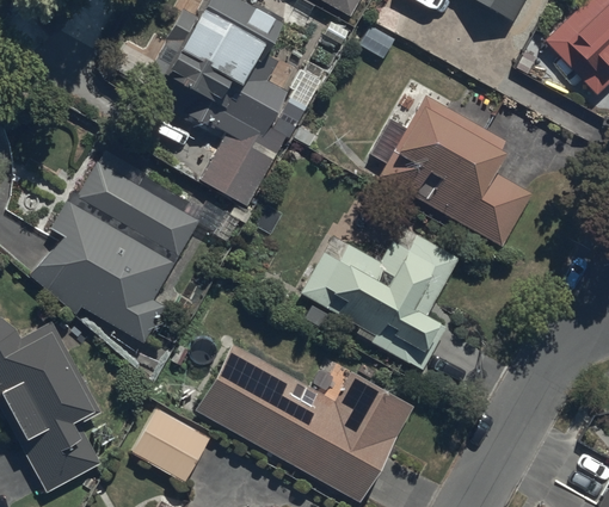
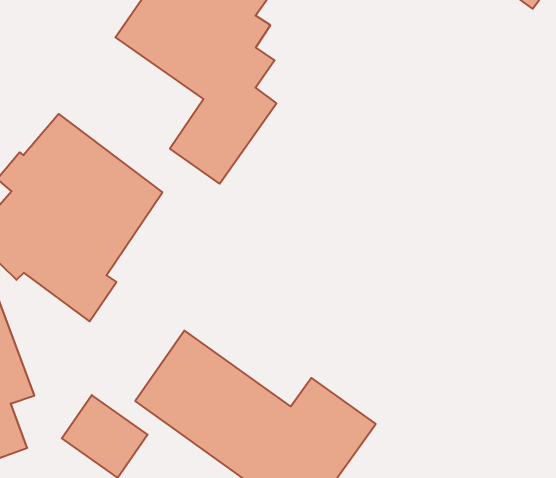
building: [379,93,530,245] -> none
building: [299,224,457,372] -> none

